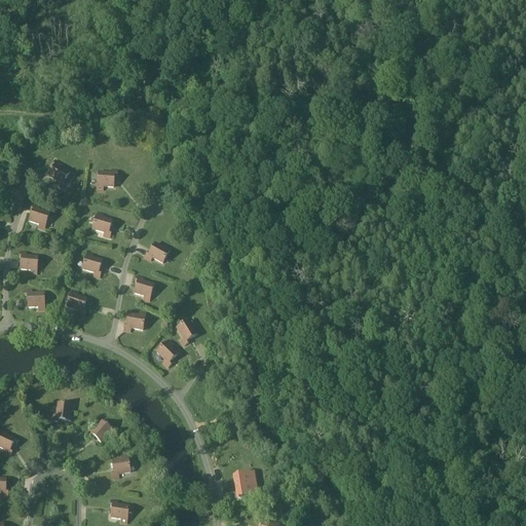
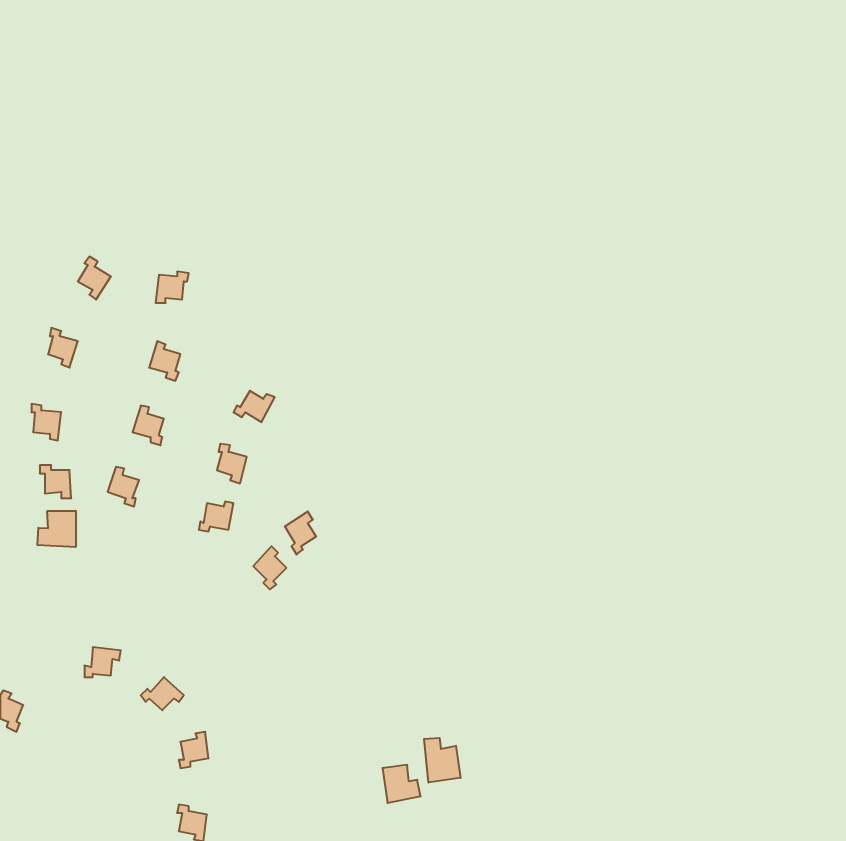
building: none -> [37,511,76,547]
building: none -> [424,738,461,783]

